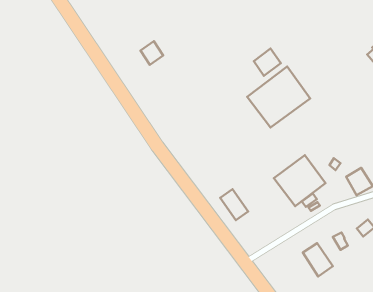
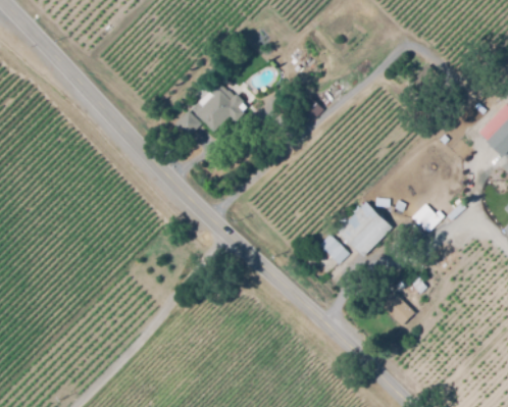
building: none -> [192,82,245,133]
building: [247,67,310,128] -> none
building: [220,189,248,220] -> [319,234,351,265]

